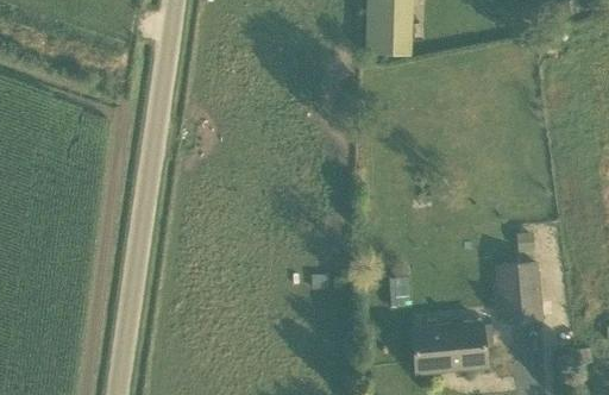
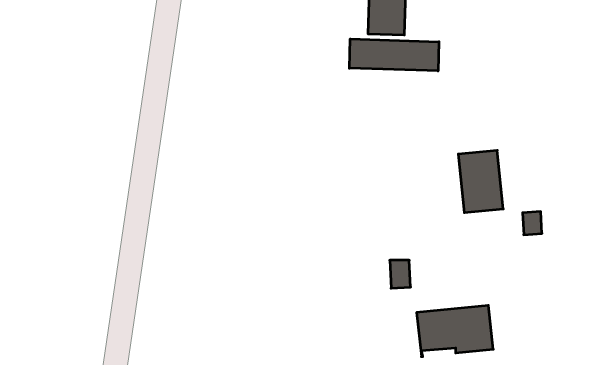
building: none -> [349,39,439,71]
building: [501,262,545,322] -> [458,150,503,213]

